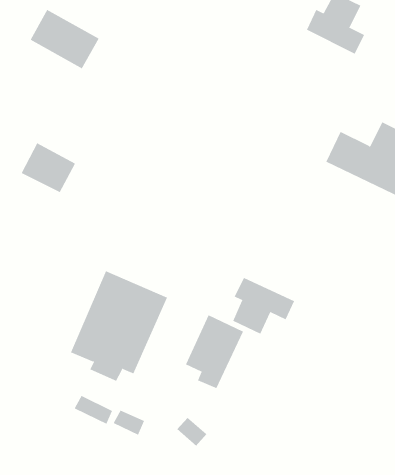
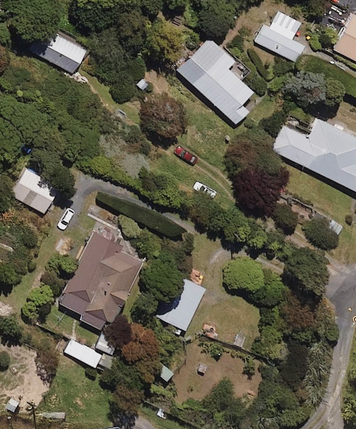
building: none -> [176,35,251,123]
building: [21,143,76,193] -> [11,171,56,212]
building: [232,277,295,334] -> none

